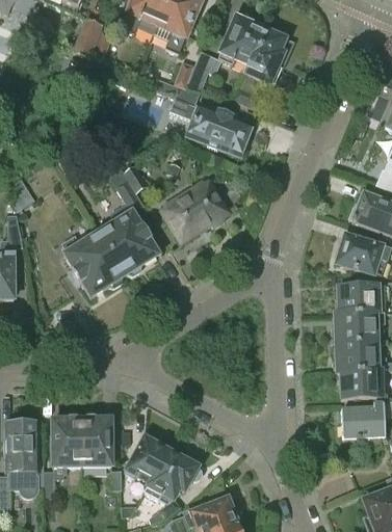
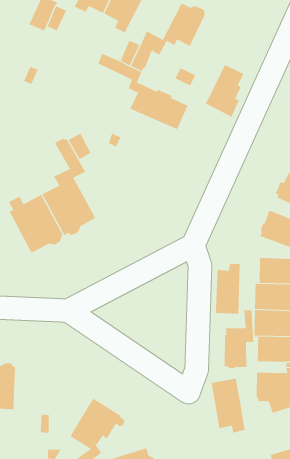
building: [244,28,285,85] -> [205,64,244,118]
building: [162,179,228,240] -> none
building: none -> [215,263,240,318]
building: none -> [224,309,254,369]
building: [81,416,111,466] -> none
building: none -> [210,377,245,433]
building: [125,435,166,482] -> none

